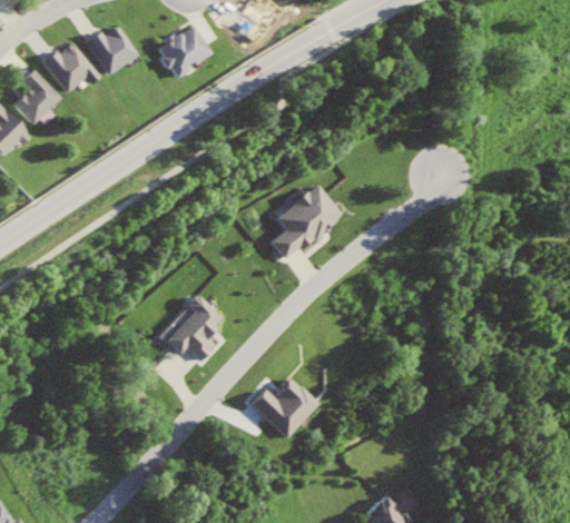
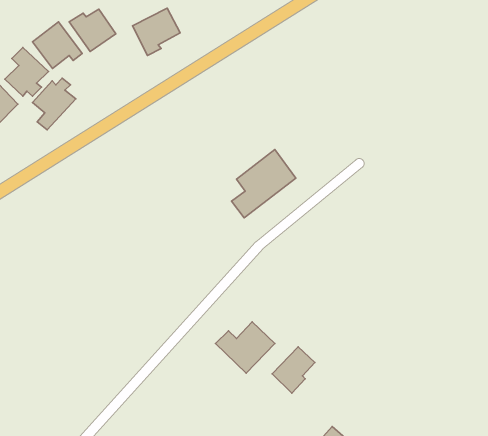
building: none -> [32,78,76,130]
building: [161,294,219,361] -> none
building: none -> [272,347,315,393]

